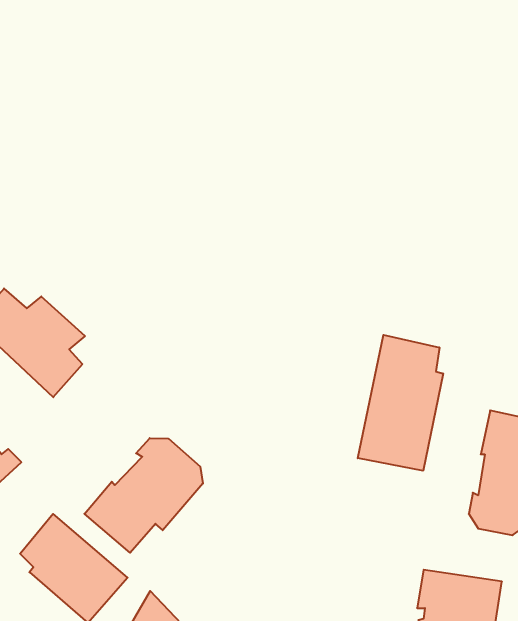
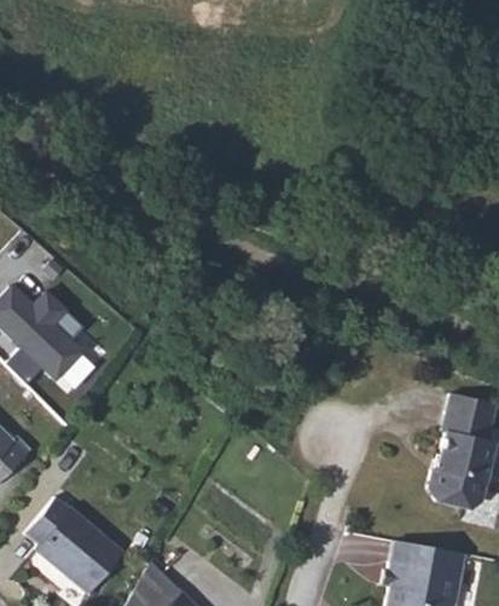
building: [358,335,443,471] -> none
building: [84,438,203,553] -> none

